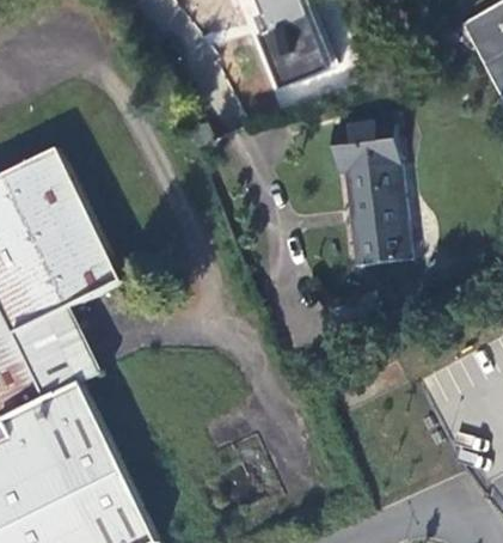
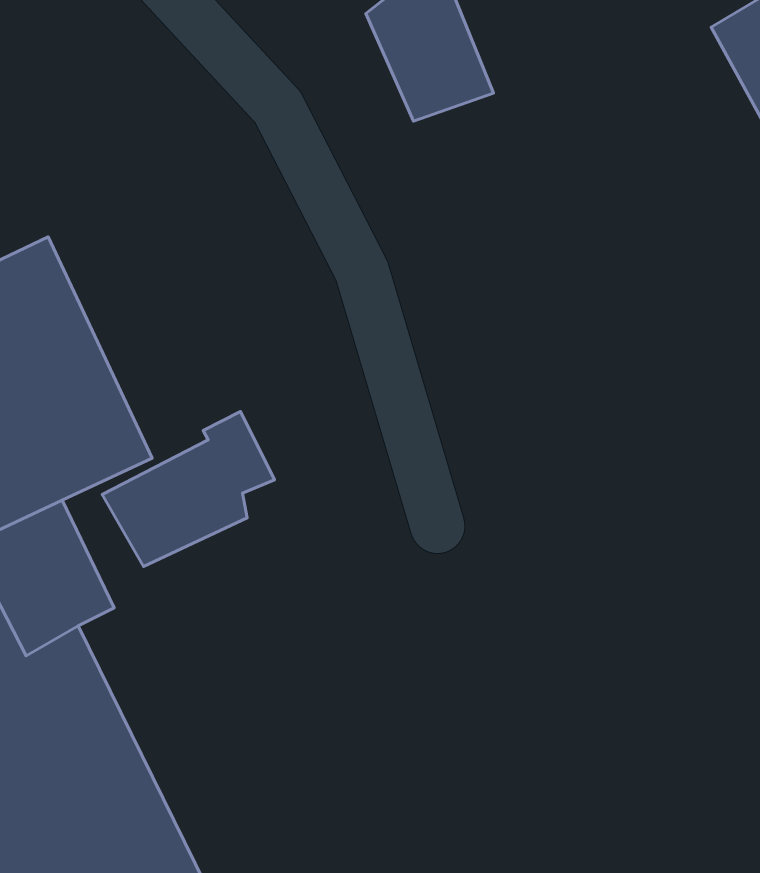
building: [335,120,410,267] -> none
building: none -> [102,411,275,567]

